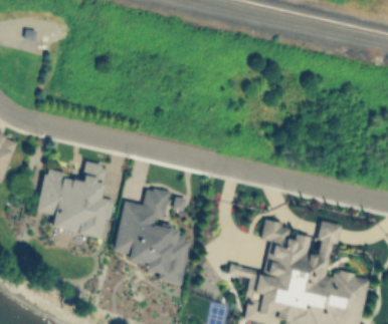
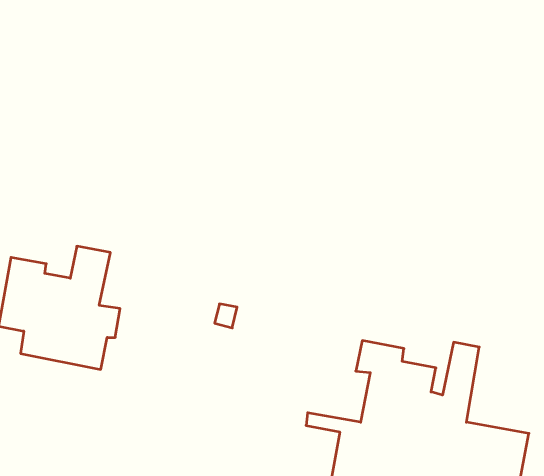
building: [113,187,190,285] -> none

